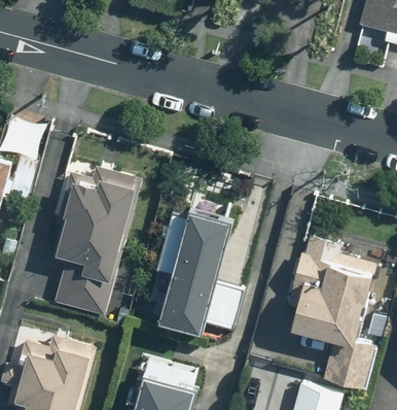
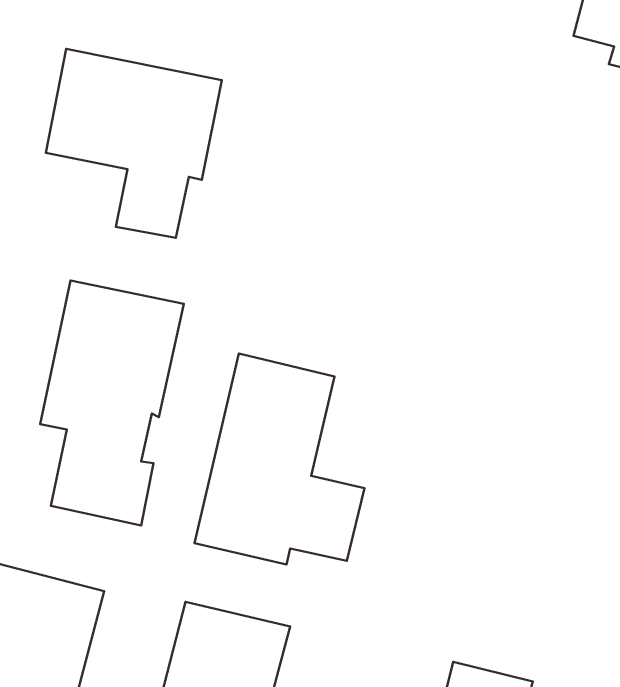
building: none -> [46,49,222,238]
building: [286,233,374,390] -> none

